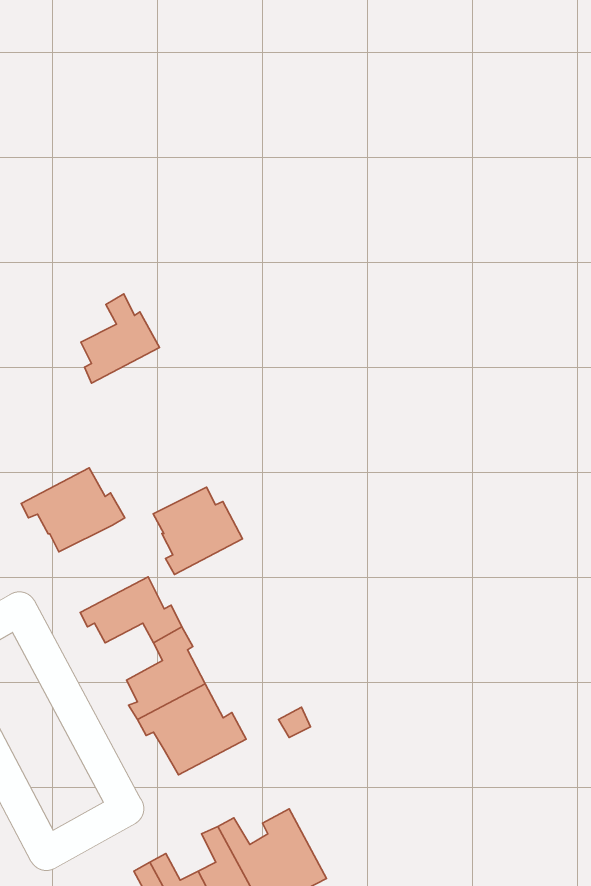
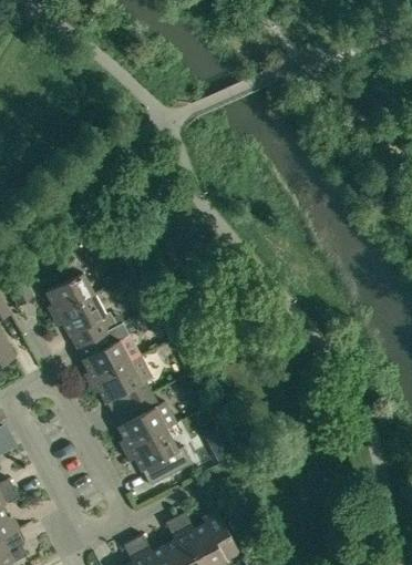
building: [81,294,159,383] -> [47,263,95,318]
building: [153,487,242,575] -> [76,331,132,386]

